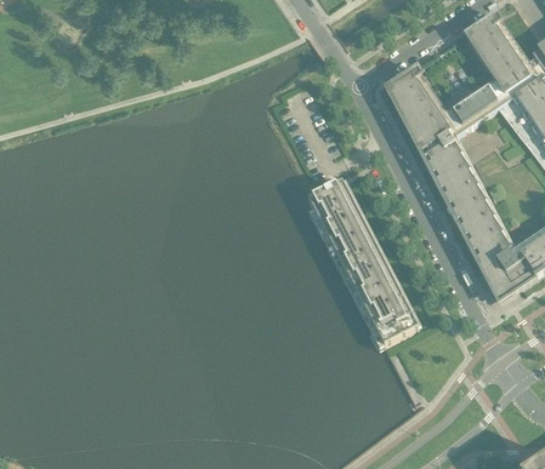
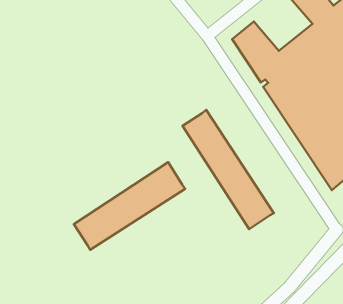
building: none -> [74,162,185,250]

